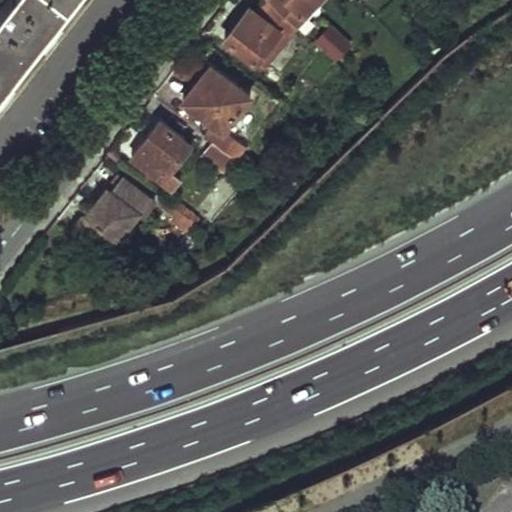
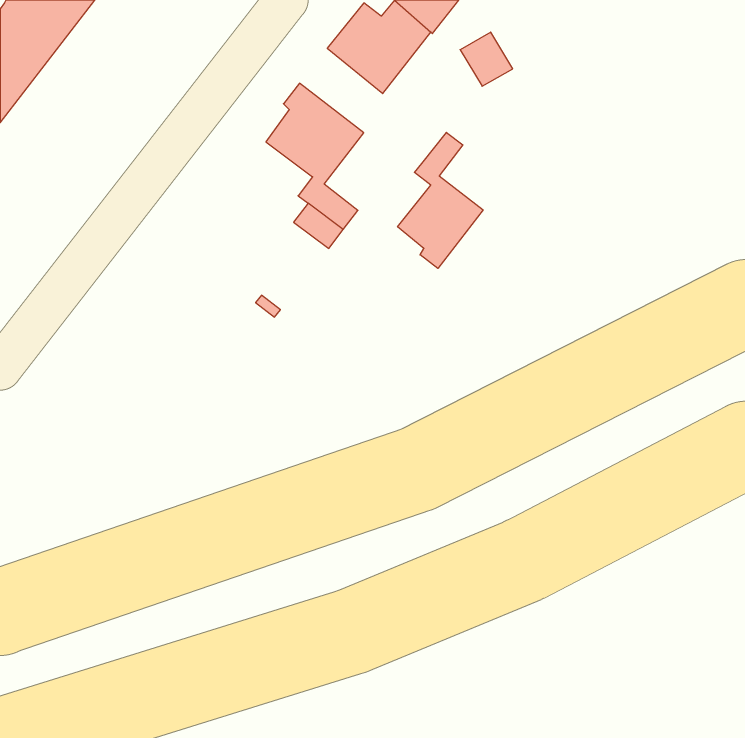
building: none -> [398,132,483,268]
building: [131,123,189,187] -> none
building: [84,178,153,241] -> none

